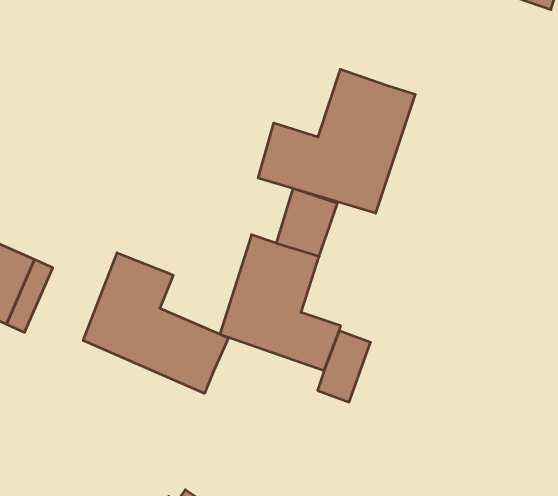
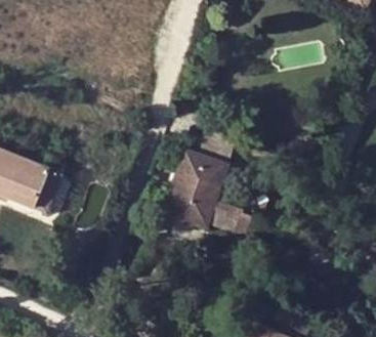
building: [258,69,415,213] -> none
building: [83,253,229,393] -> none

